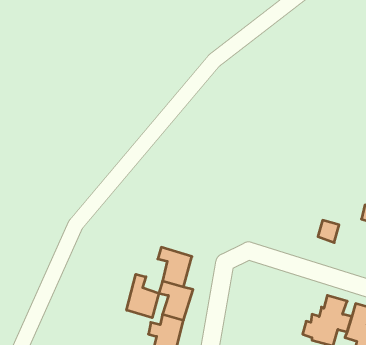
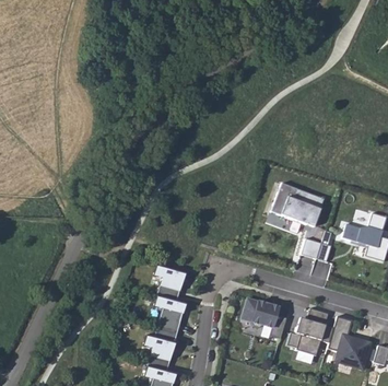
building: none -> [271,185,324,227]
building: [127,274,159,318] -> none
building: none -> [243,297,287,338]

